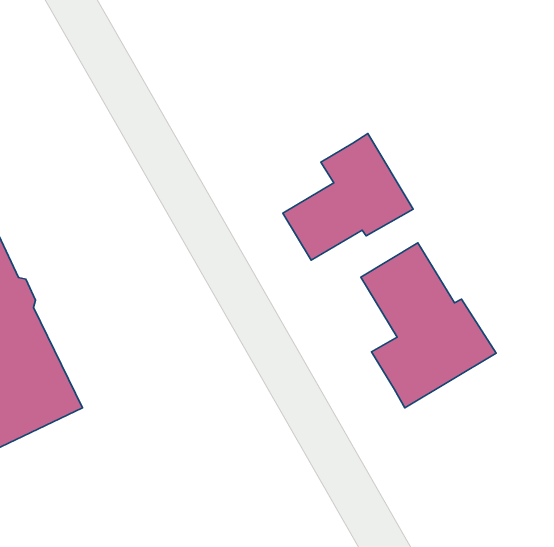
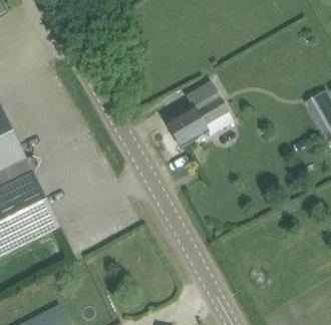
building: [361,243,496,408] -> none

